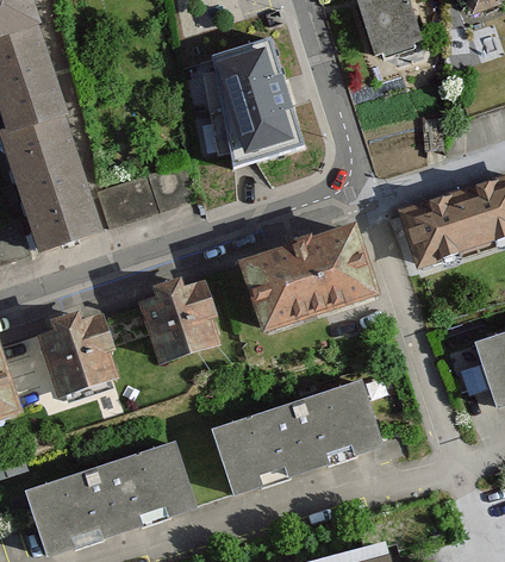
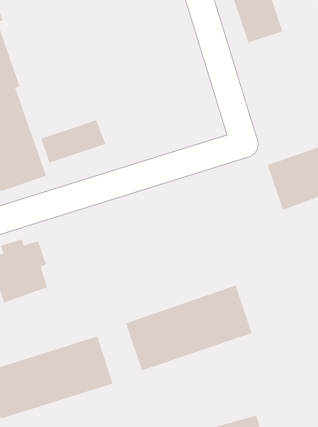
building: [202,39,297,163] -> none
building: [235,229,369,336] -> none
building: [138,279,217,363] -> none

